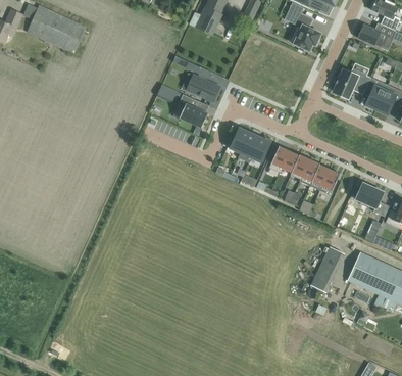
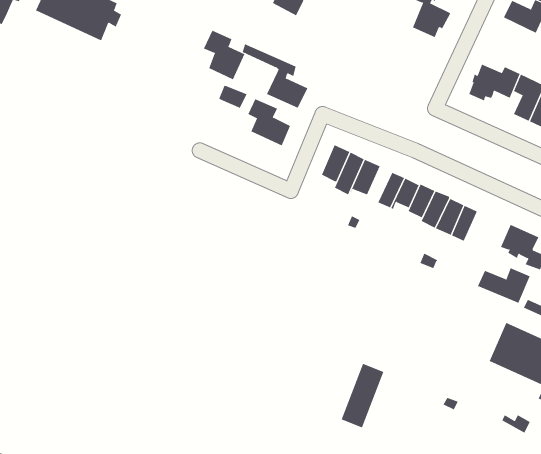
building: none -> [203,30,245,80]
building: [310,246,341,292] -> [341,363,384,428]

